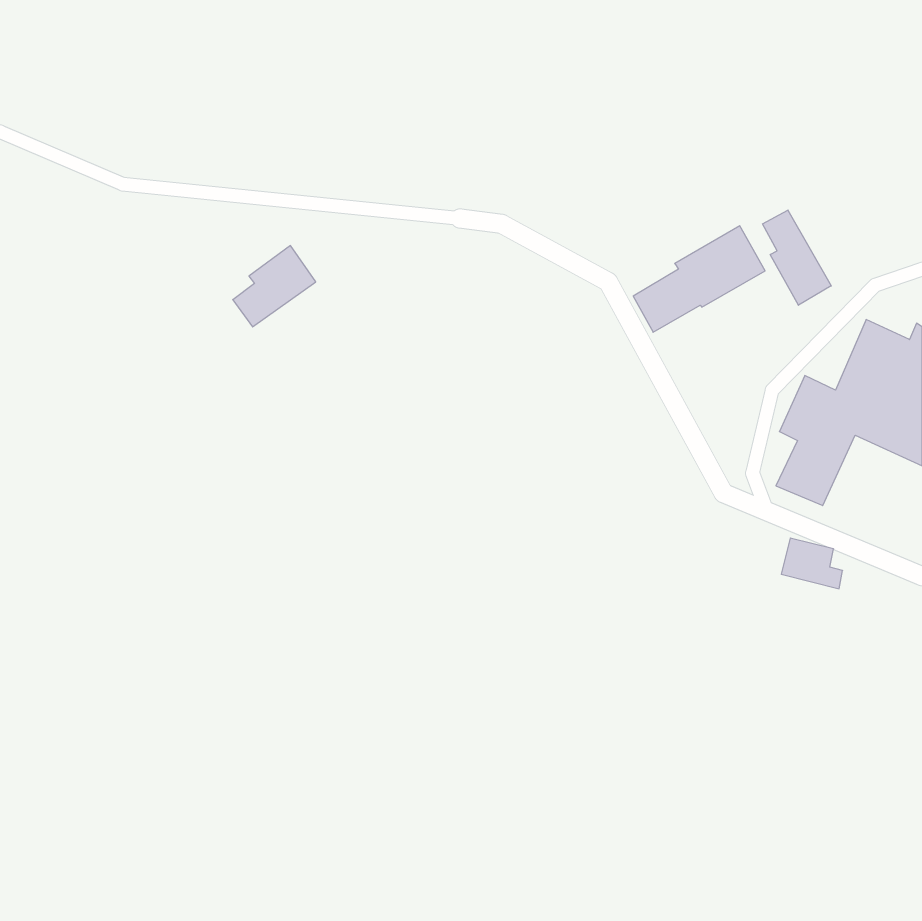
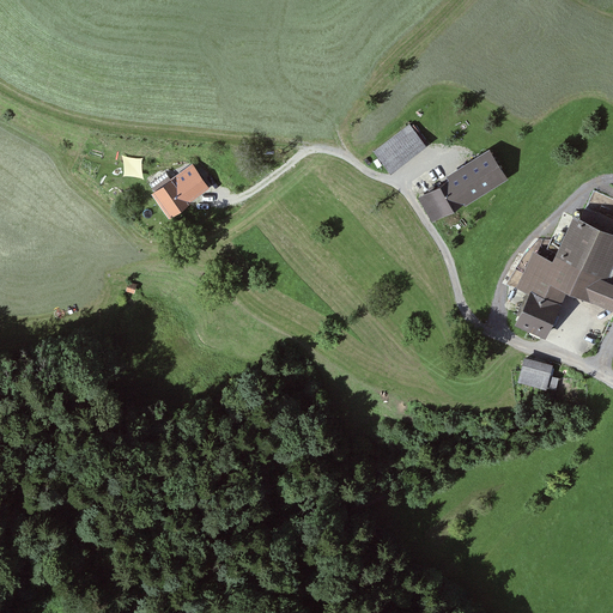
building: none -> [375,126,426,174]
building: [763,210,831,305] -> none

